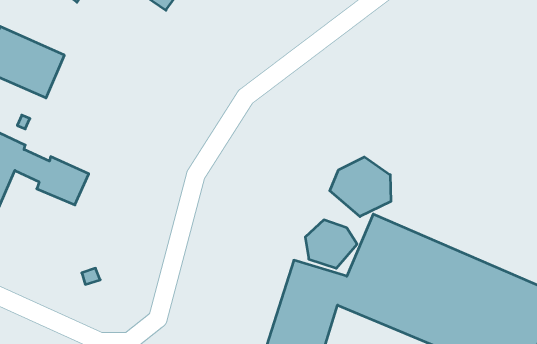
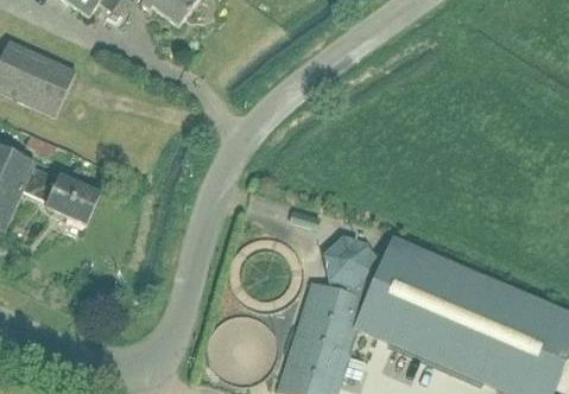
building: [330,157,391,217] -> none

